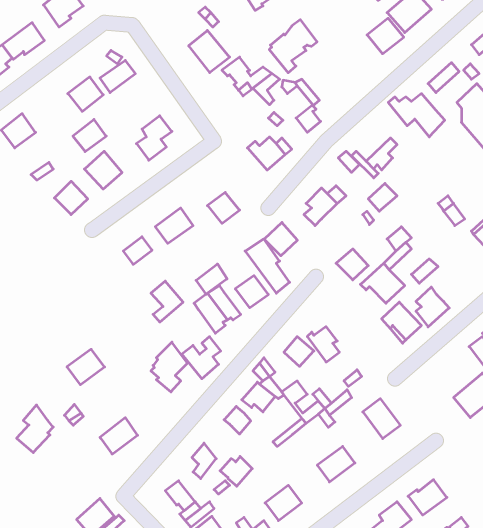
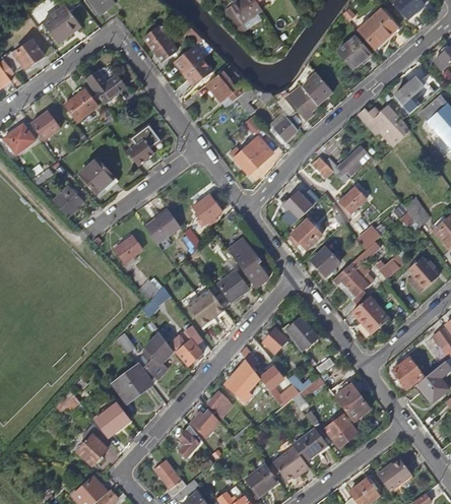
building: none -> [143,23,177,62]
building: [269,20,317,73] -> [288,71,332,120]
building: [73,119,106,152] -> [29,109,60,138]
building: [264,222,297,256] -> [291,218,321,249]
building: [196,264,227,294] -> none
building: [416,287,449,327] -> [407,256,438,293]
building: [67,349,105,385] -> [115,367,149,399]
building: none -> [391,357,423,388]
building: [17,405,53,453] -> [76,421,110,464]
building: none -> [324,415,358,447]
building: [220,456,252,486] -> [190,410,219,437]
building: none -> [271,445,309,479]

